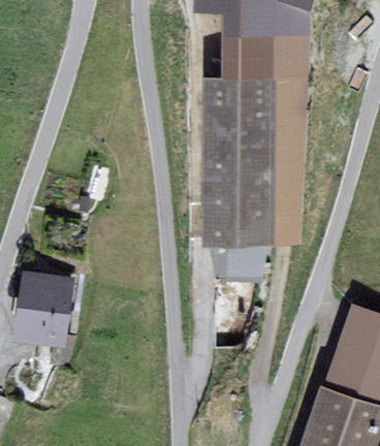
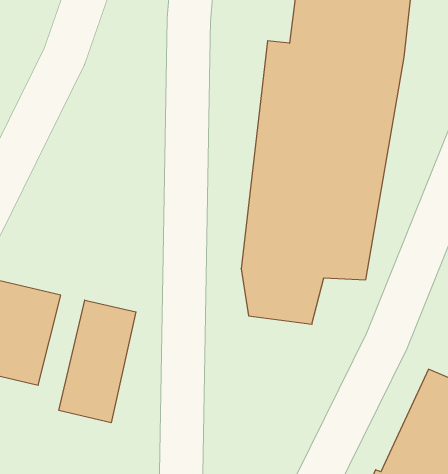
building: none -> [59,300,136,423]

